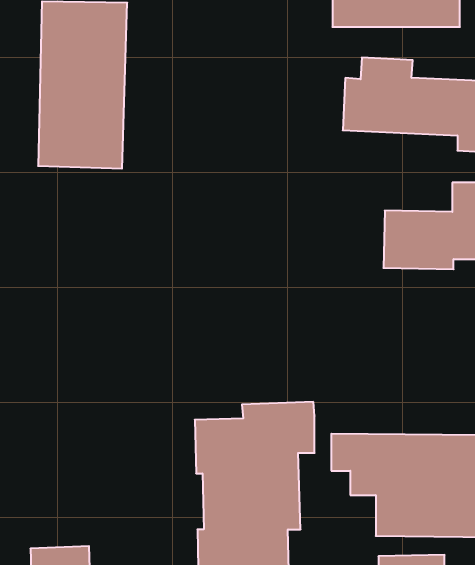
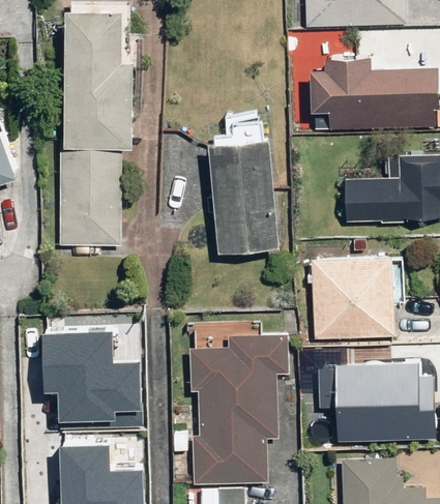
building: none -> [212,137,277,250]
building: none -> [59,153,121,247]
building: none -> [310,258,399,338]
building: none -> [40,336,139,432]

